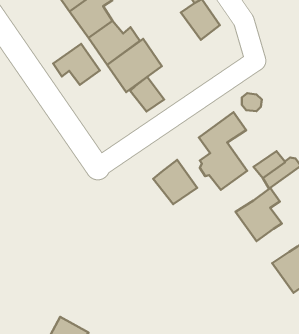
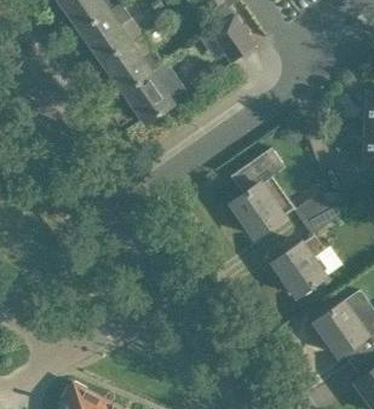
building: [53,44,100,85] -> none
building: [130,77,164,112] -> none
building: [153,160,197,204] -> none

